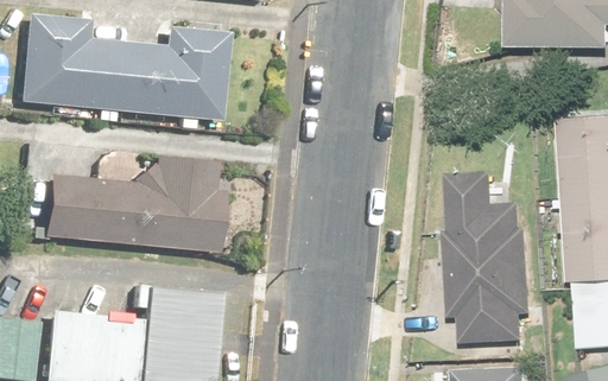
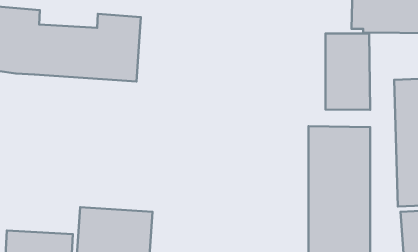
building: none -> [325,34,370,110]
building: [30,164,207,258] -> none

